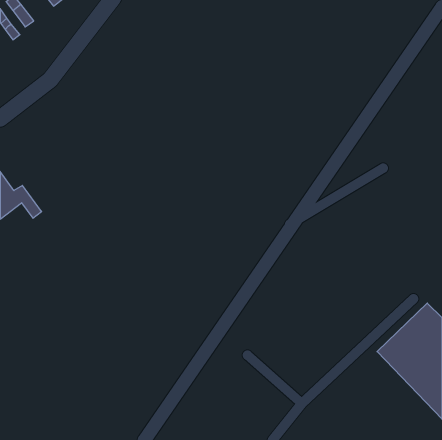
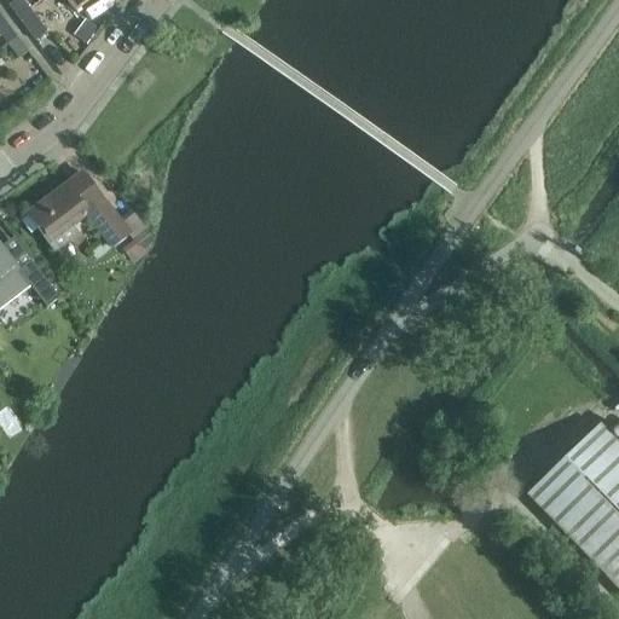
building: none -> [27,169,128,244]

